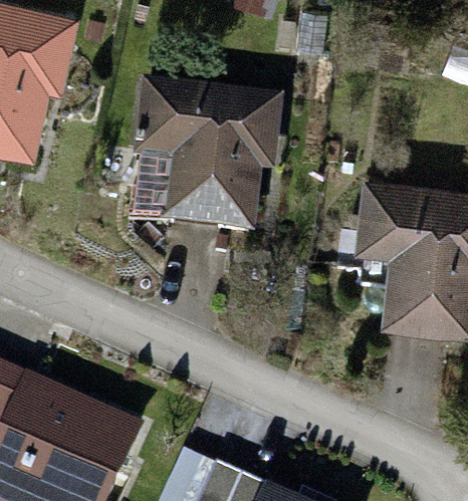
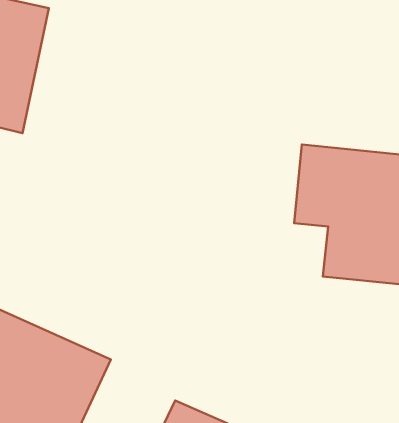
building: [128,81,273,238] -> none

